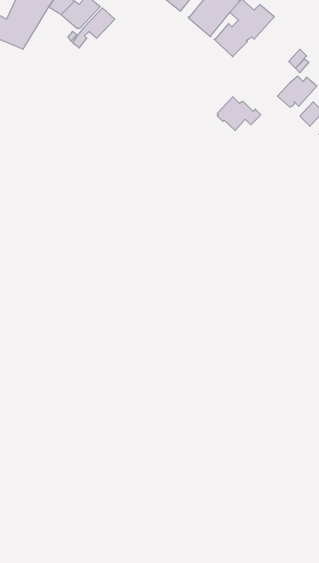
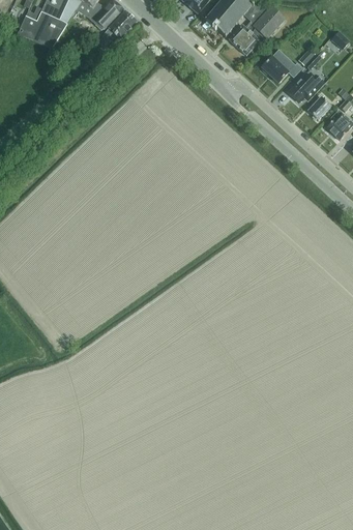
building: [217,97,261,130] -> [262,51,302,82]

